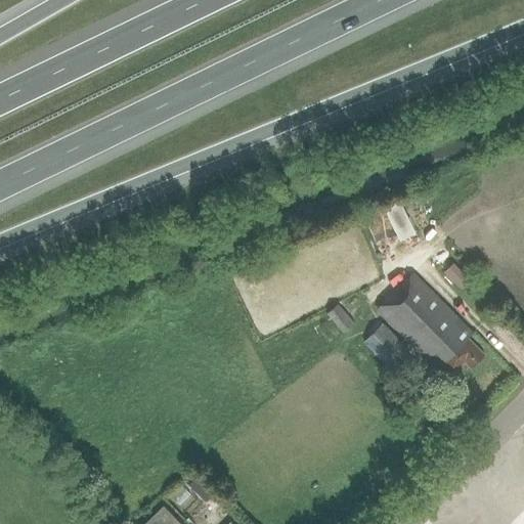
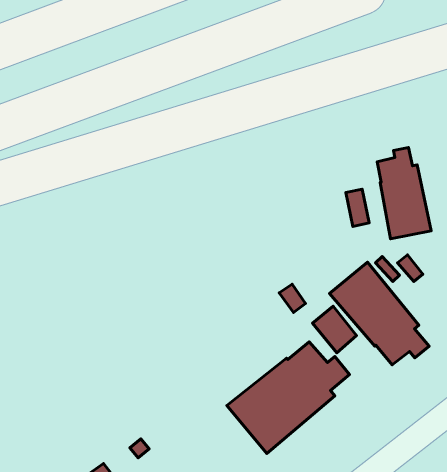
building: none -> [377,147,431,239]
building: none -> [227,342,350,454]

